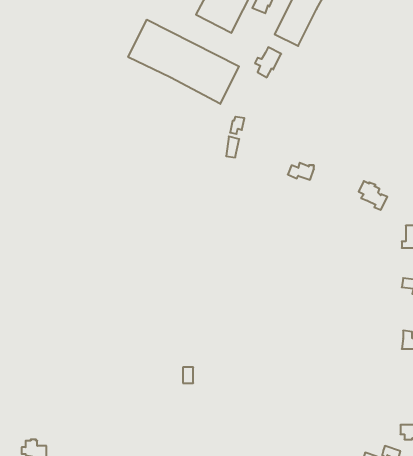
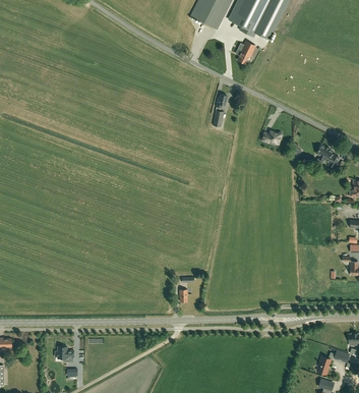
building: [128,20,239,104] -> none

